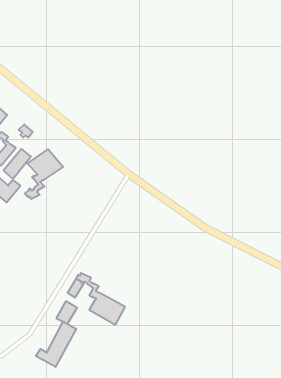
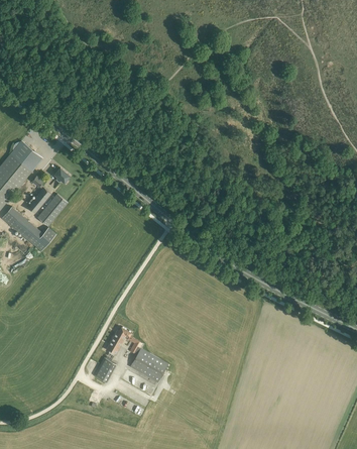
building: [25,149,63,199] -> none
building: [36,322,76,367] -> none

